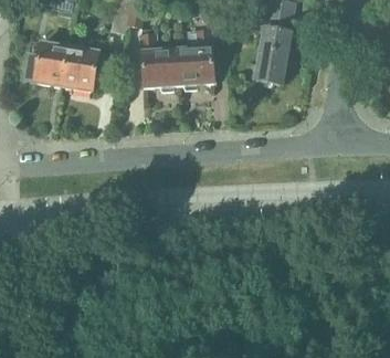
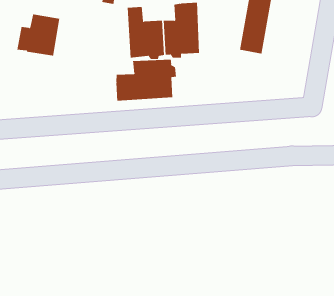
building: [62,41,98,90] -> none
building: none -> [116,59,177,101]

